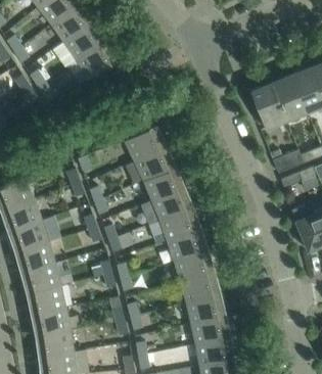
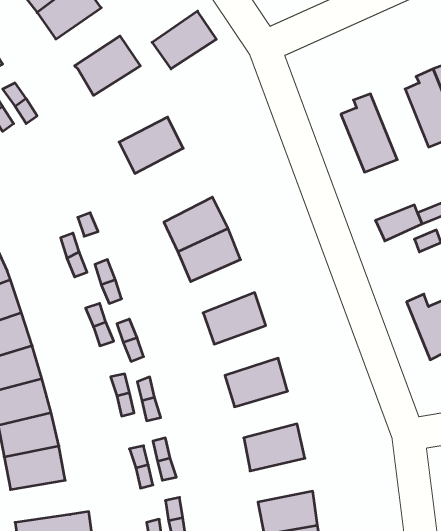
building: [63,20,105,58] -> [152,11,216,69]
building: [269,73,307,120] -> none
building: [124,124,166,160] -> [119,117,183,173]
building: [151,185,193,220] -> none
building: [167,228,209,261] -> none
building: [180,271,221,301] -> none
building: [190,315,231,343] -> none
building: [34,329,73,357] -> none

